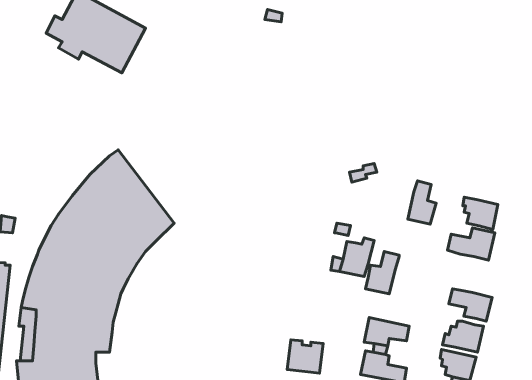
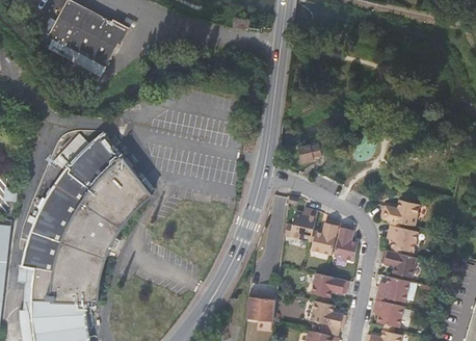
building: [408,181,436,224] -> [334,224,358,260]
building: [463,197,498,229] -> [388,225,417,252]

